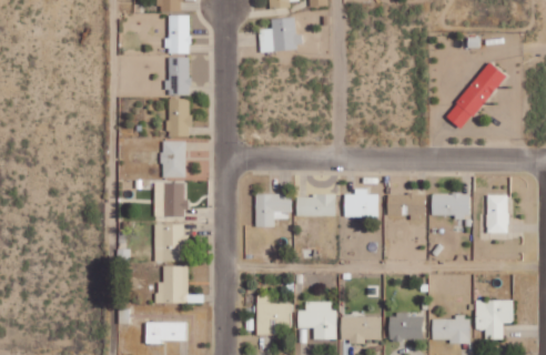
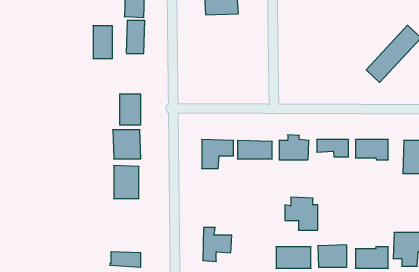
building: [168,99,190,136] -> [93,26,112,59]
building: [155,266,188,304] -> none
building: [299,302,336,339] -> [285,197,318,230]

